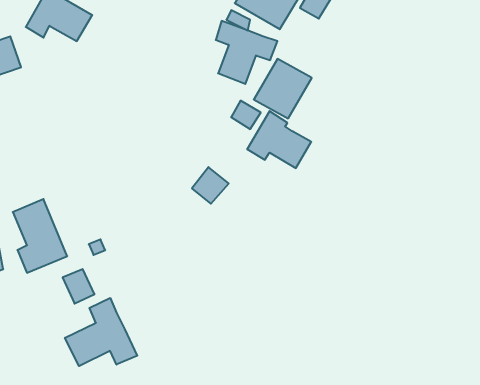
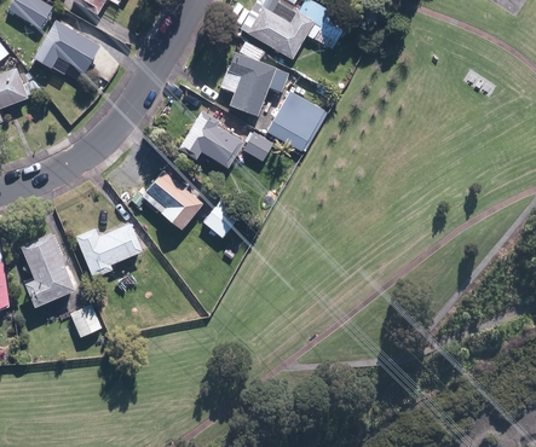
building: [247,111,311,168] -> [178,110,243,168]
building: none -> [145,170,203,231]
building: none -> [75,224,143,278]
building: [65,298,137,366] -> none

